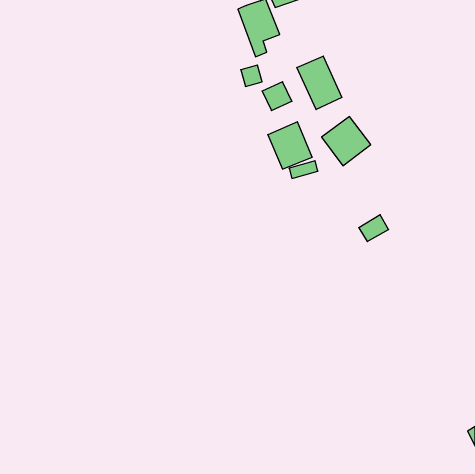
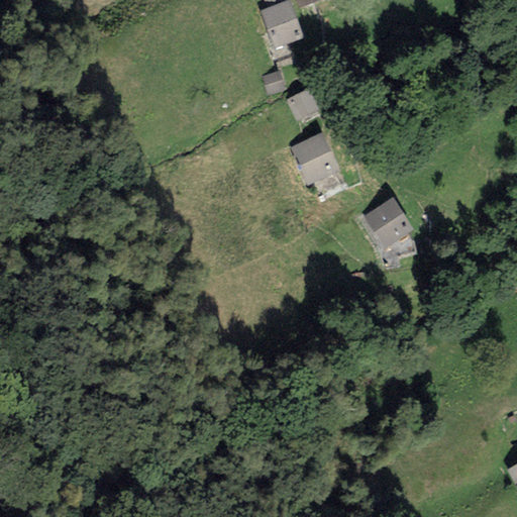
building: [297,56,342,110] -> none
building: [322,117,371,166] -> [359,197,413,250]

